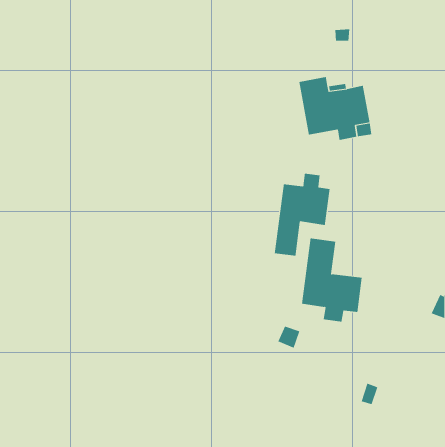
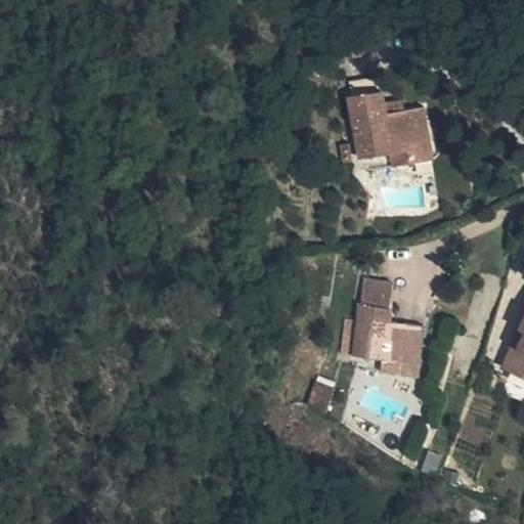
building: [274,173,330,257] -> none

